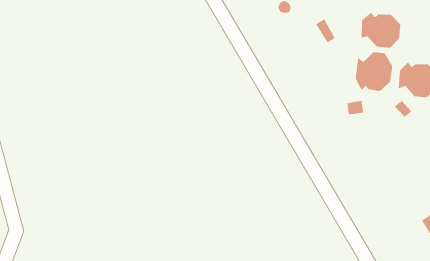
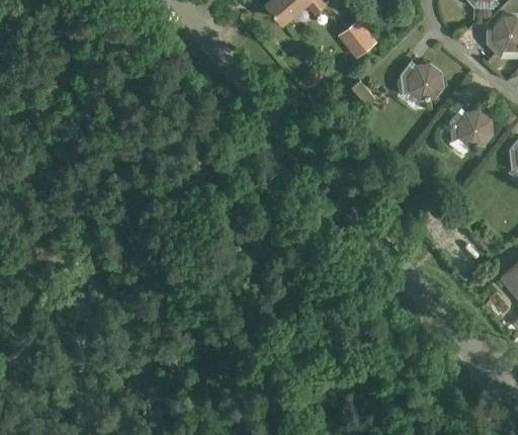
building: [355,51,393,92] -> none

